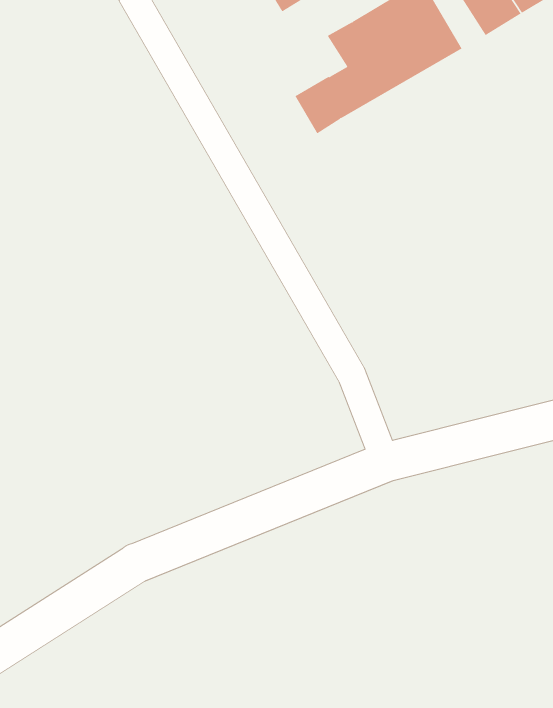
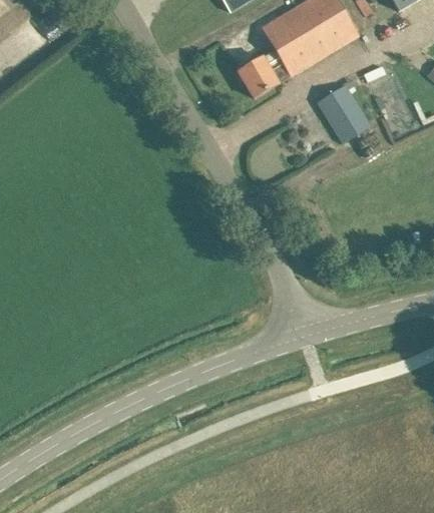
building: none -> [317,83,370,141]

